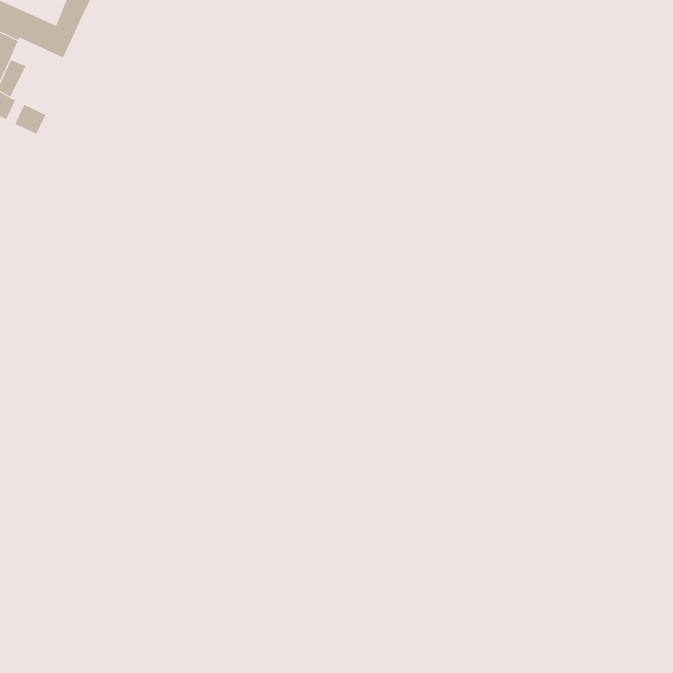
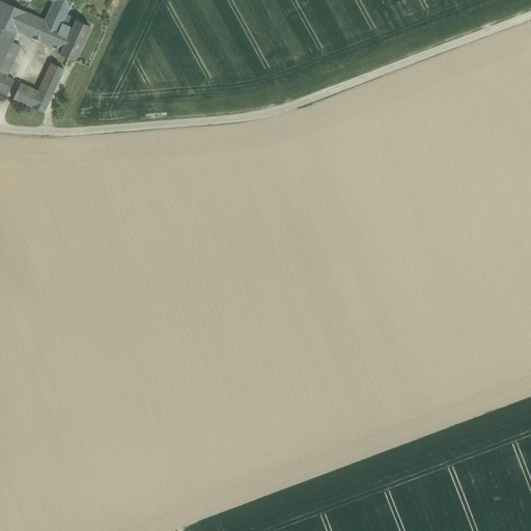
building: none -> [50,15,88,60]
building: none -> [29,62,62,112]

